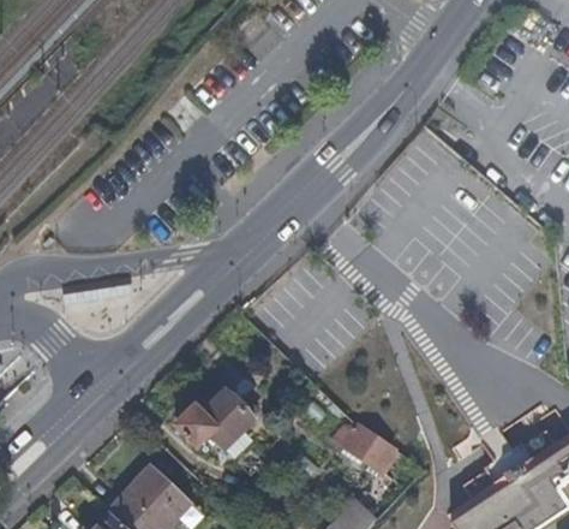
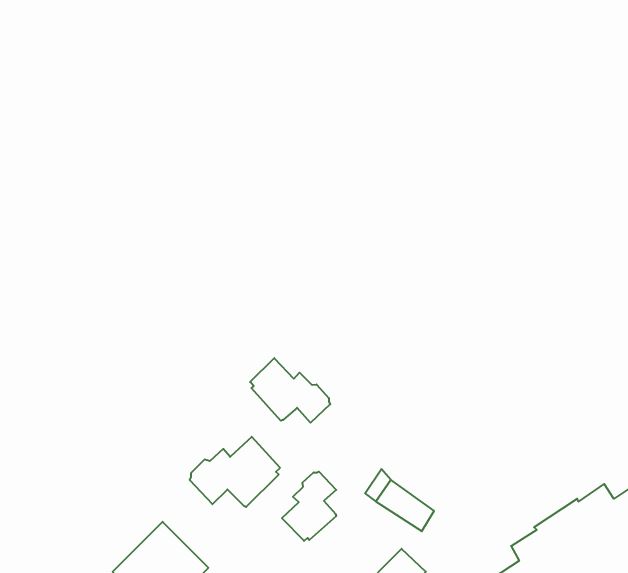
building: none -> [250,358,330,423]
building: none -> [282,472,336,541]

